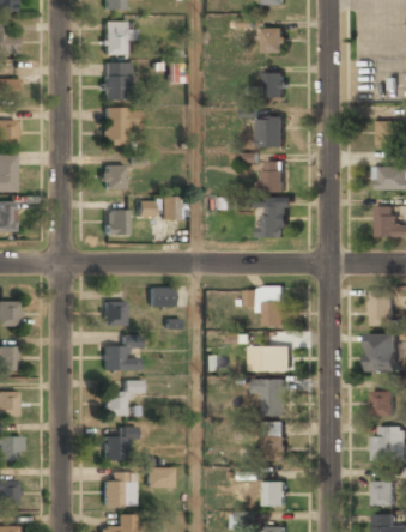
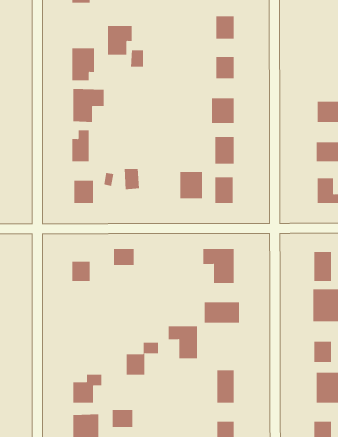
building: [102,22,131,55] -> [107,25,133,55]
building: none -> [180,171,203,199]
building: [102,345,137,369] -> none
building: [104,379,141,416] -> [126,342,159,375]
building: [253,379,286,416] -> [168,326,198,359]

